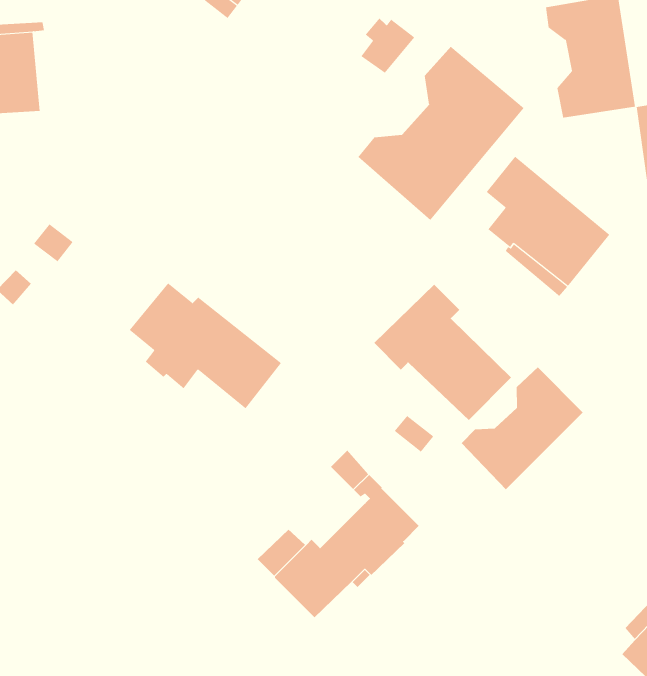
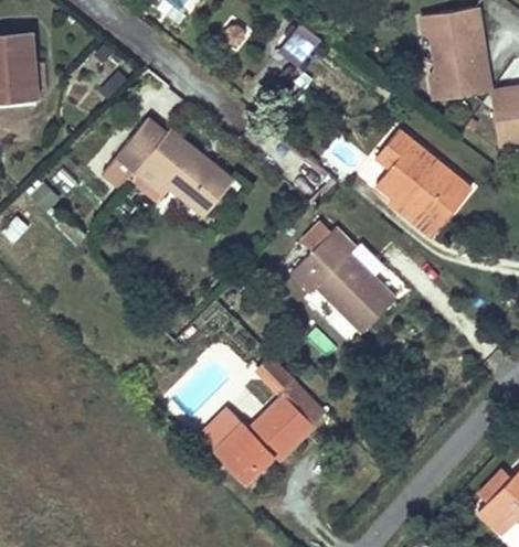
building: [357,46,525,221] -> none
building: [129,282,282,409] -> [116,118,233,215]
building: [461,366,584,490] -> none

